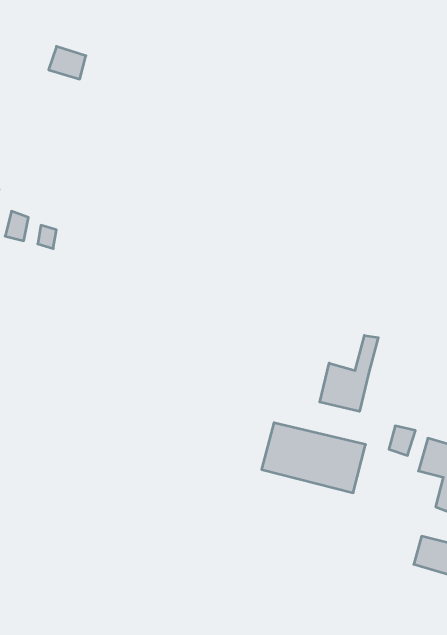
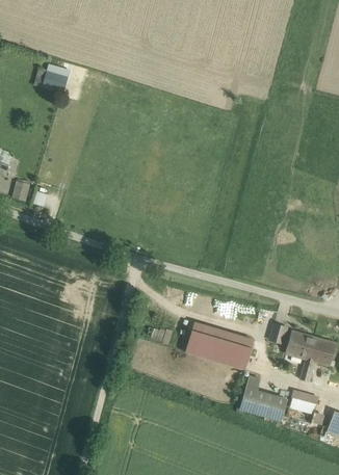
building: [320,335,378,411] -> none
building: none -> [240,375,287,419]

